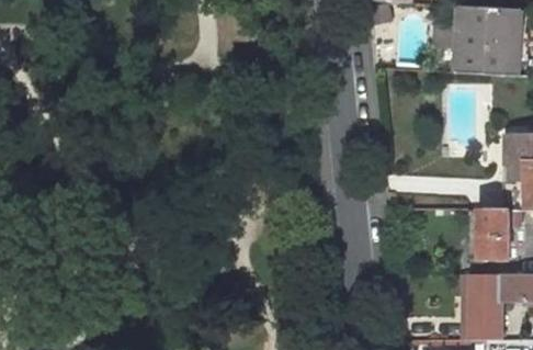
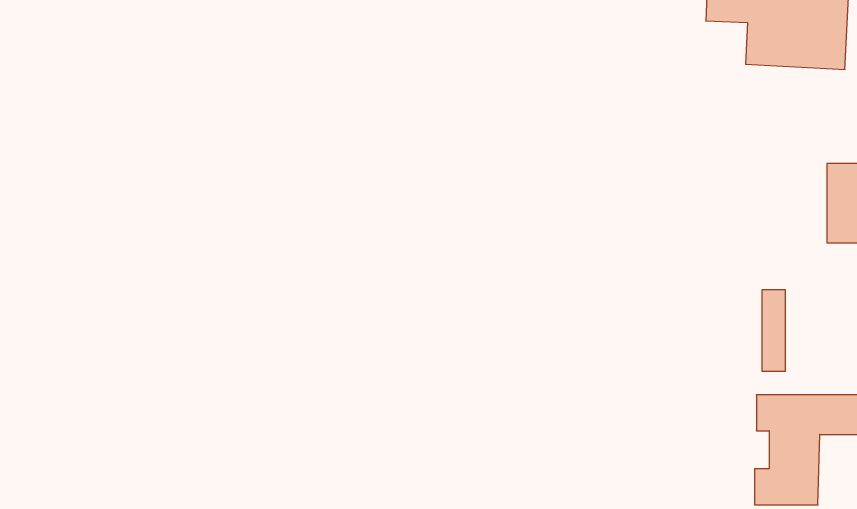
building: [481,210,519,259] -> none

